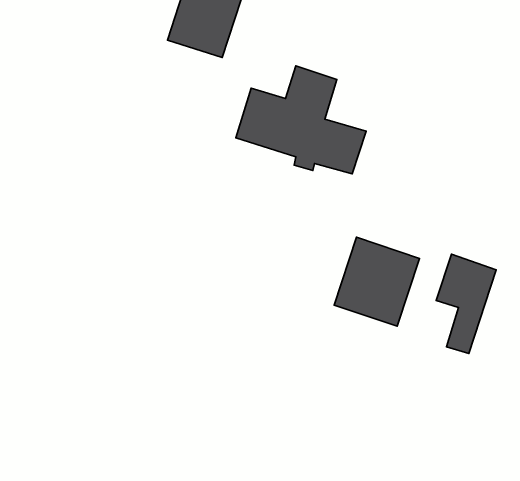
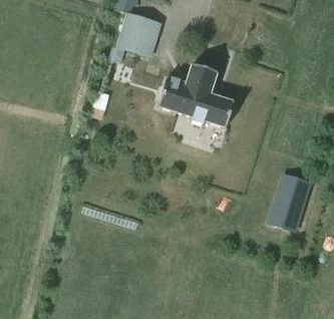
building: [334,237,419,326] -> none

